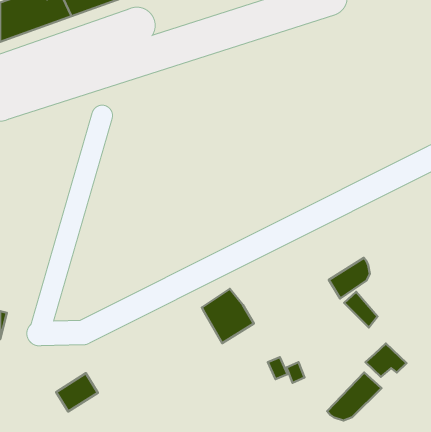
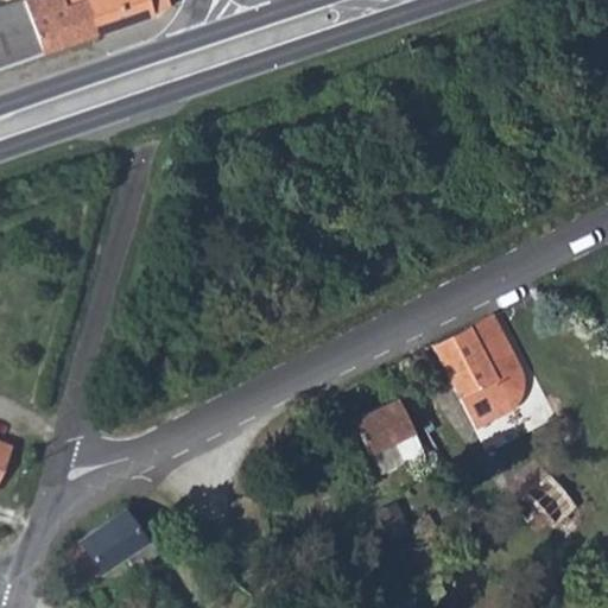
building: none -> [437,318,513,391]
building: [202,289,254,343] -> [352,391,424,467]
building: [327,373,382,420] -> none

